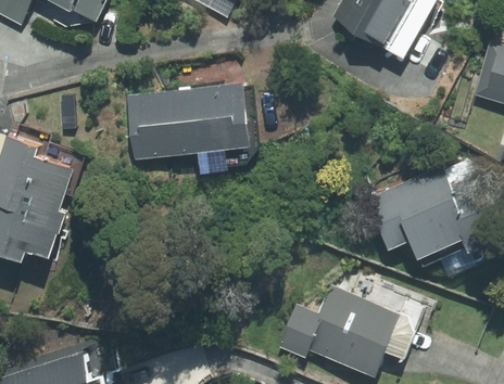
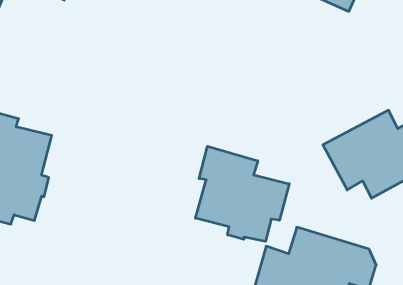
building: [126,80,249,157] -> none
building: none -> [195,146,289,241]

